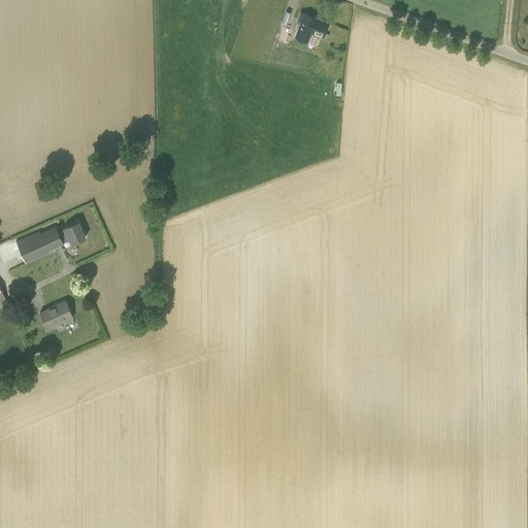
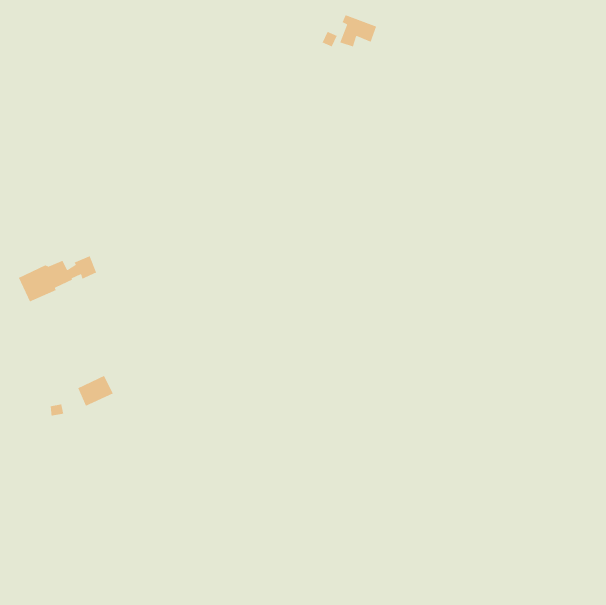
building: [40,302,72,330] -> [77,375,114,407]

